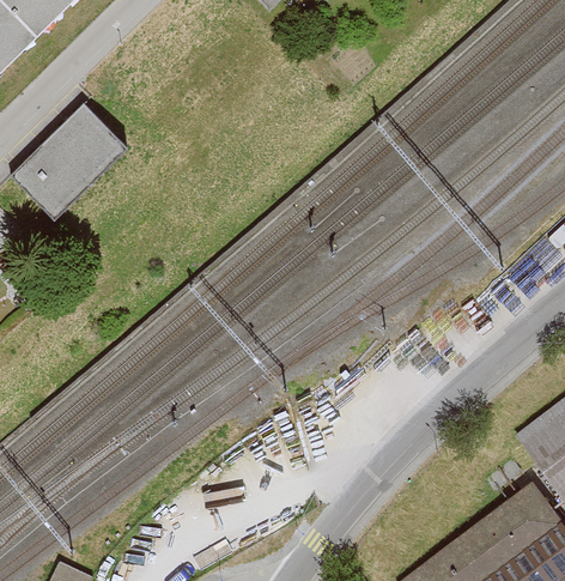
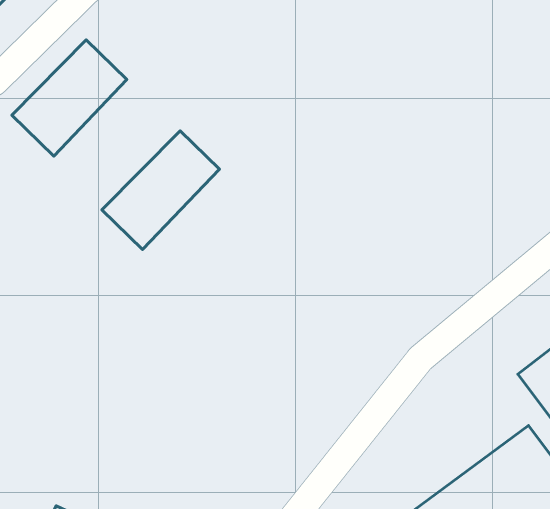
building: none -> [102,131,220,249]

